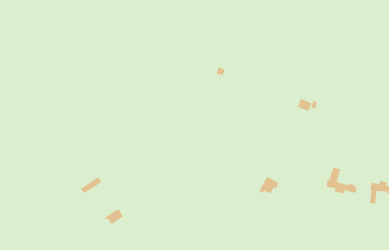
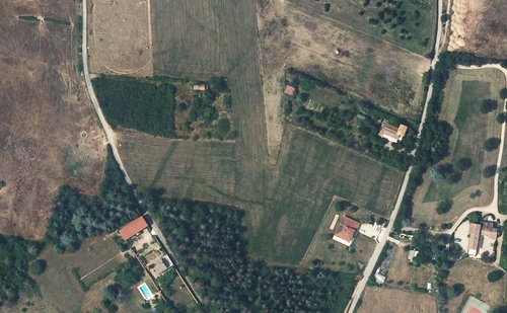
building: [326,167,357,194] -> none

